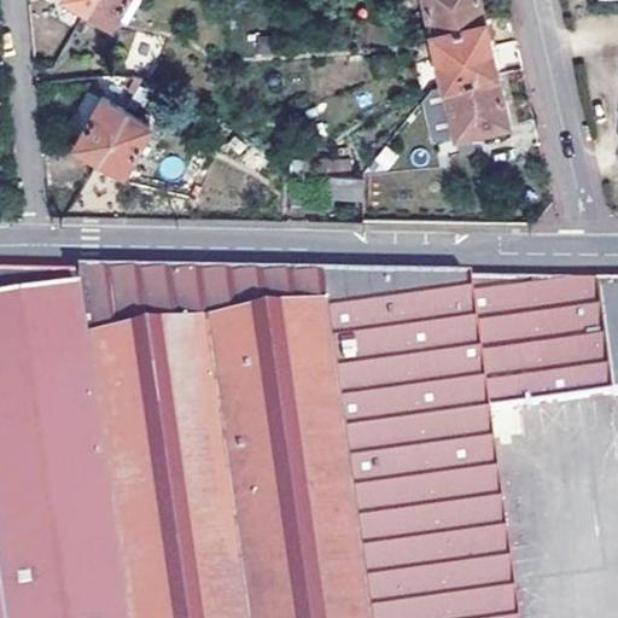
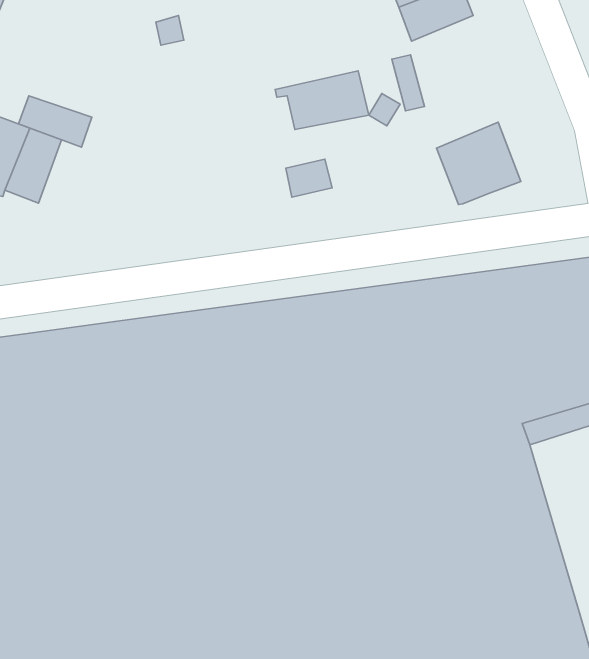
building: [443,74,507,135] -> [436,122,521,205]
building: none -> [18,96,92,147]
building: none -> [275,71,369,129]

